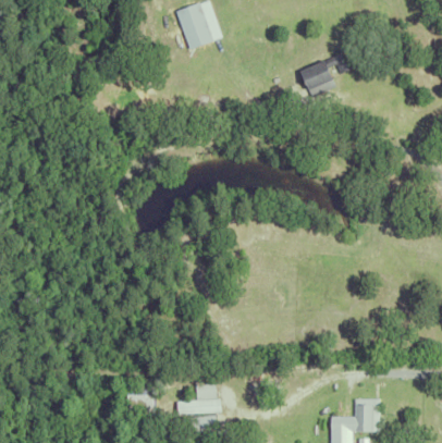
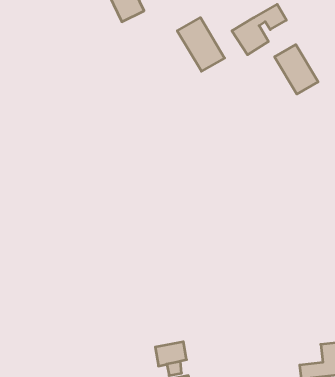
building: none -> [177,18,225,71]
building: none -> [275,45,318,94]

